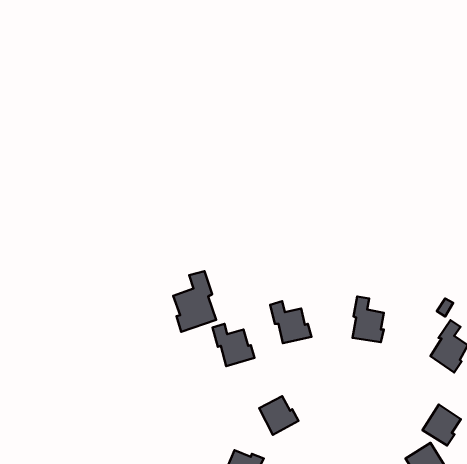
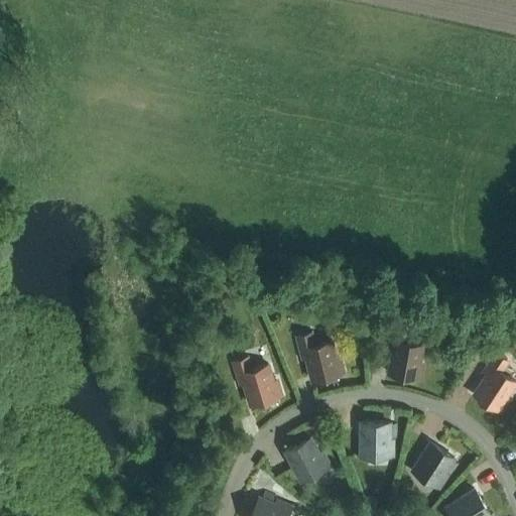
building: [173,271,216,332] -> none
building: none -> [361,425,393,459]
building: [422,404,461,446] -> [412,444,455,490]

